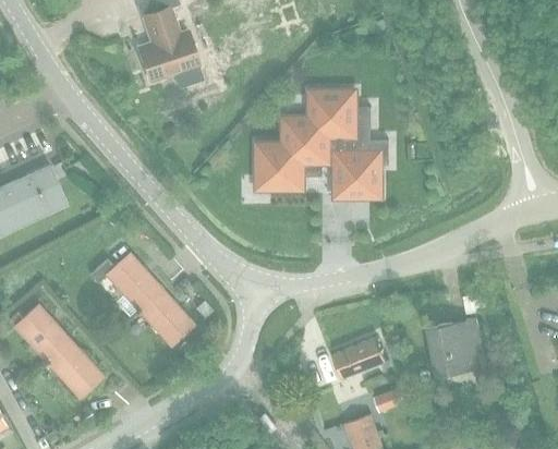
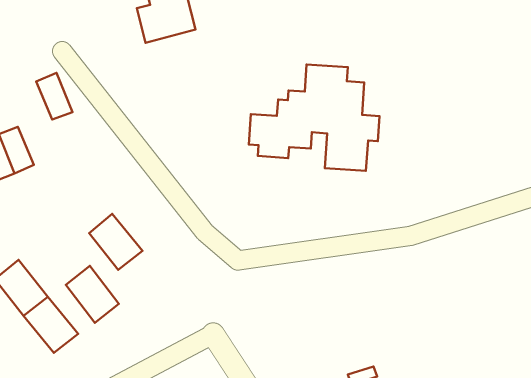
building: [26,162,64,209] -> [36,73,72,120]
building: [136,288,191,344] -> [66,266,119,323]
building: [427,317,485,375] -> none
building: [331,337,385,381] -> none

